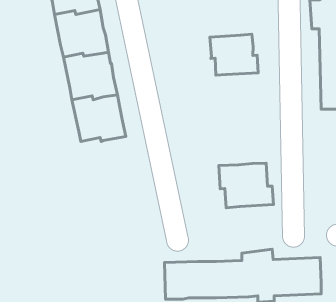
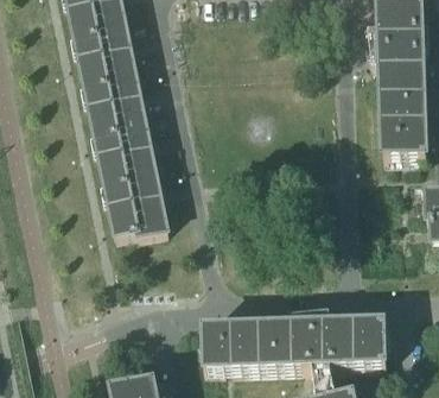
building: [210,34,258,75] -> none
building: none -> [104,181,167,236]
building: [219,163,273,208] -> none

